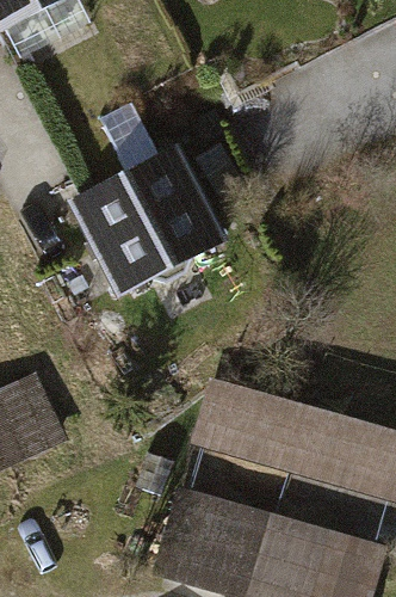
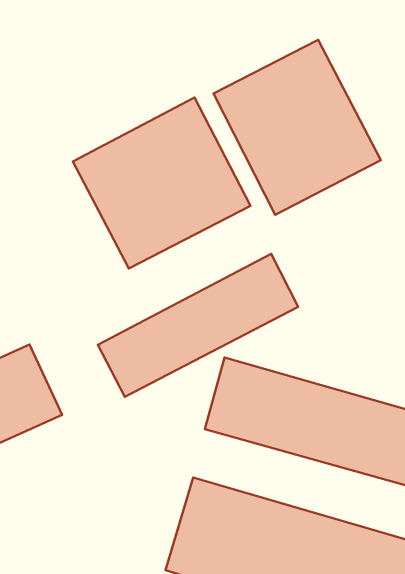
building: none -> [213,40,381,215]
building: none -> [98,254,298,397]

